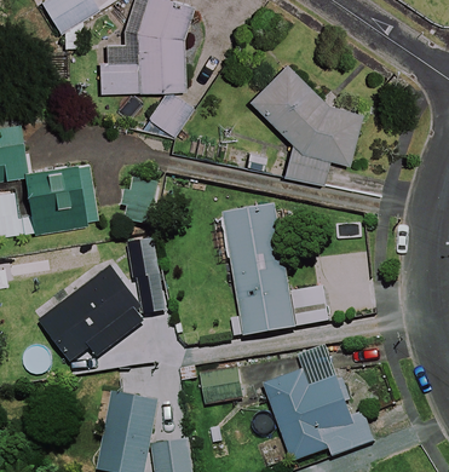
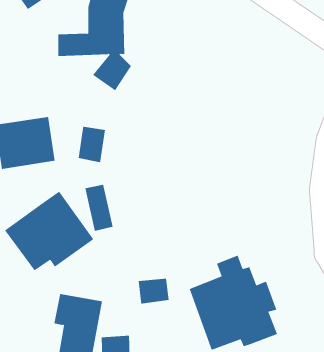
building: [246,61,361,184] -> none
building: [209,205,328,335] -> none

